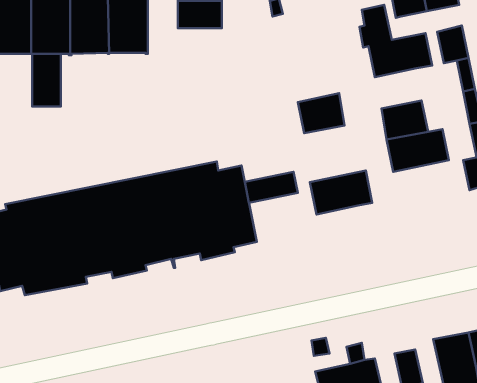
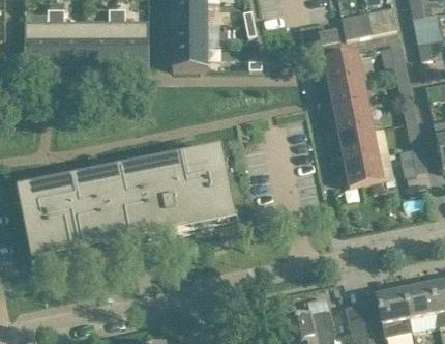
building: none -> [172,46,207,68]
building: [32,54,61,107] -> none
building: [298,93,344,133] -> [329,78,366,110]
building: [310,170,372,214] -> [344,151,393,187]
building: [245,172,298,203] -> none

